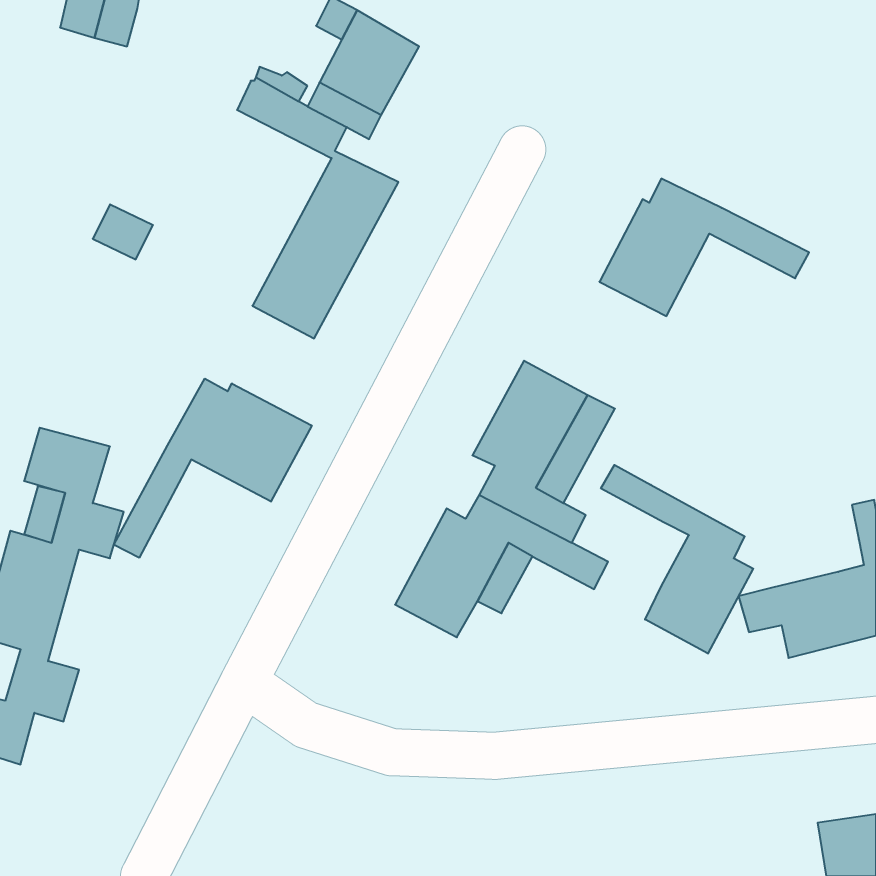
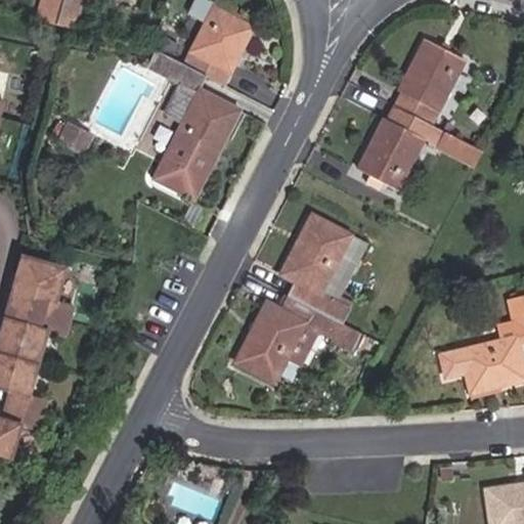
building: none -> [394,39,463,124]
building: [114,379,312,558] -> none
building: [601,465,753,654] -> none

